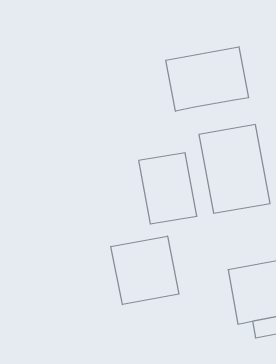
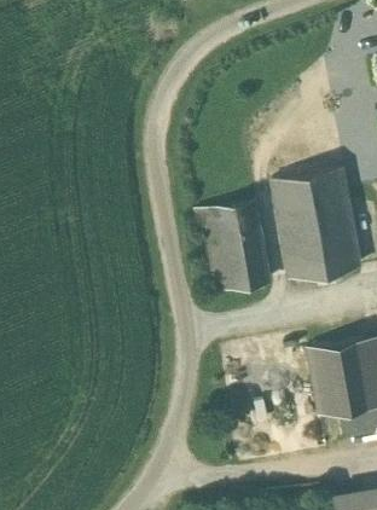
building: [166,47,249,111] -> none
building: [111,236,179,305] -> none

